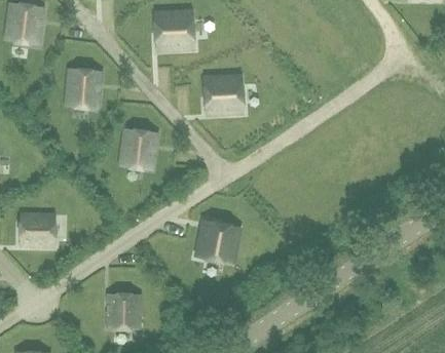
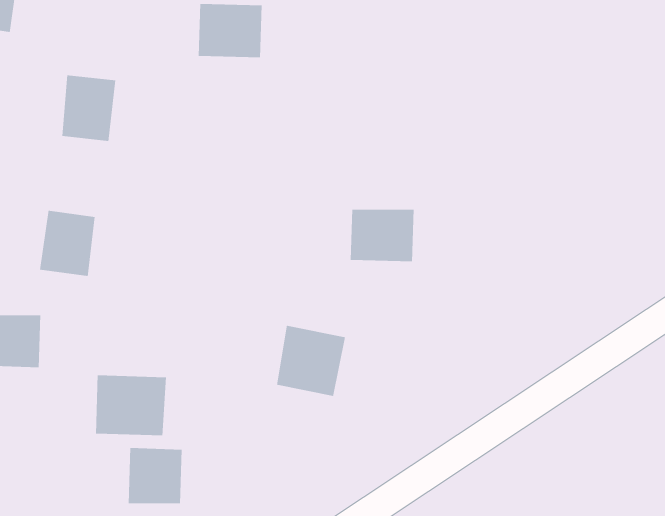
building: [210,87,249,119] -> [350,209,414,262]
building: [120,126,154,166] -> [39,210,95,276]
building: none -> [95,375,167,436]

